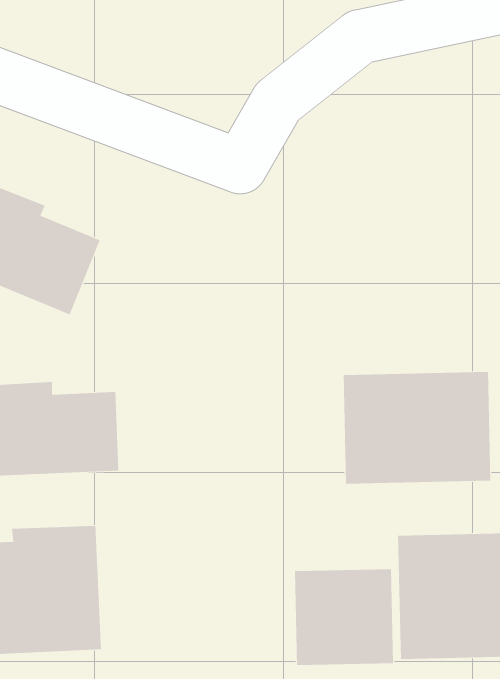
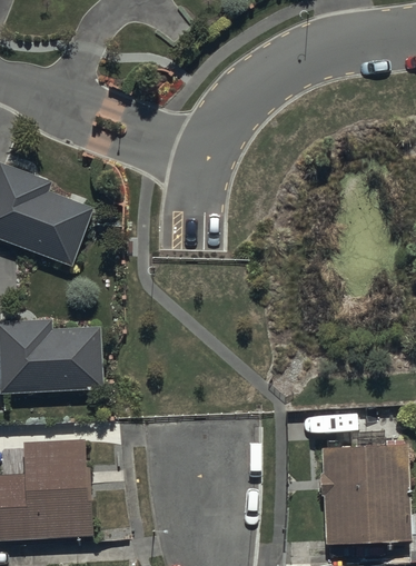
building: [343,371,491,484] -> none
building: [294,569,394,666] -> none

